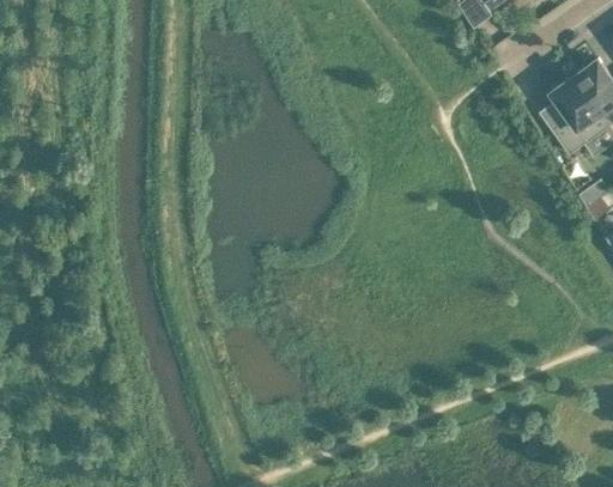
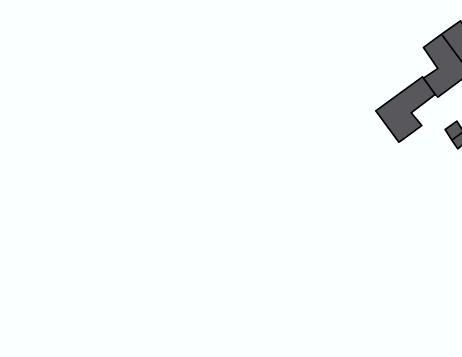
building: none -> [376,77,435,142]

